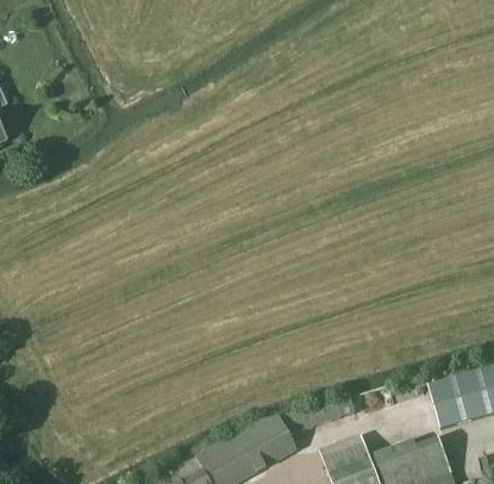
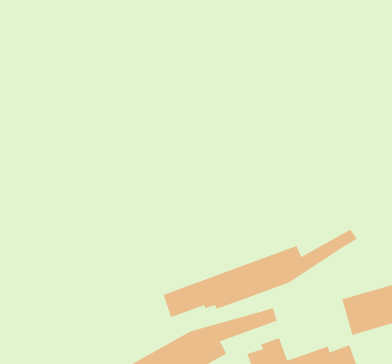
building: none -> [163,229,357,318]

